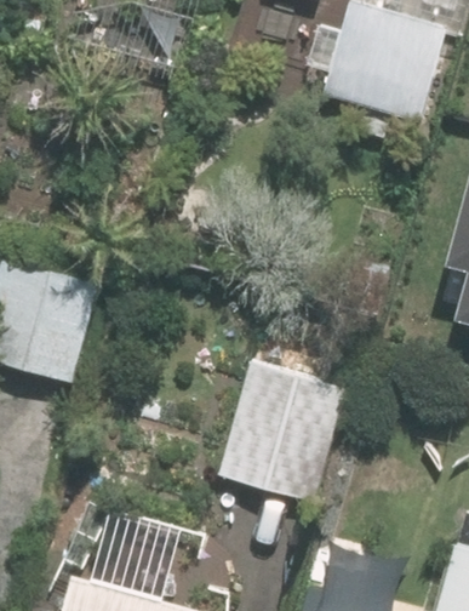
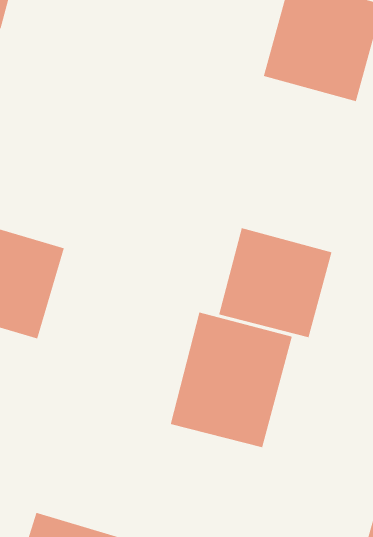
building: none -> [218,227,333,338]

